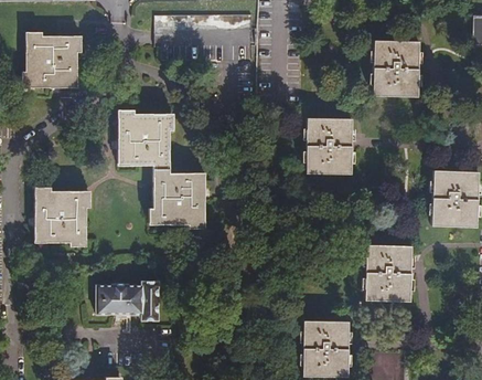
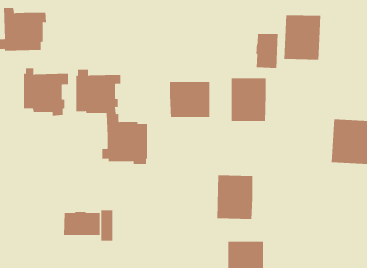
building: none -> [256,33,278,69]
building: none -> [169,81,210,118]
building: [34,184,90,244] -> [23,68,69,116]
building: [366,245,411,300] -> [216,175,253,220]

